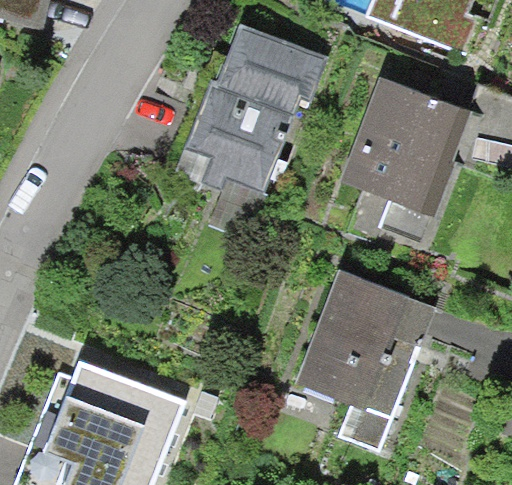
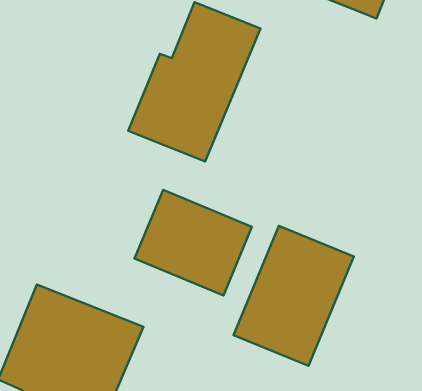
building: [341,80,471,219] -> none
building: none -> [134,190,252,295]

